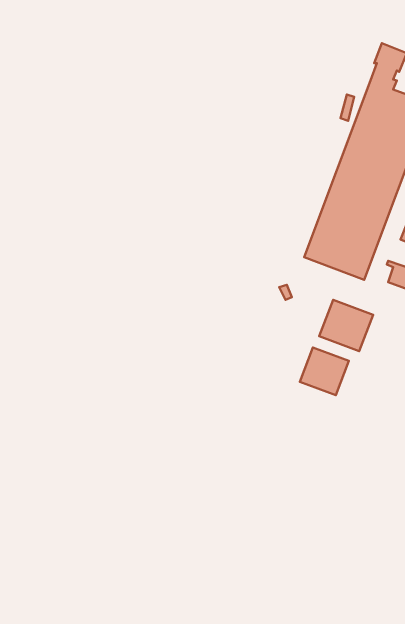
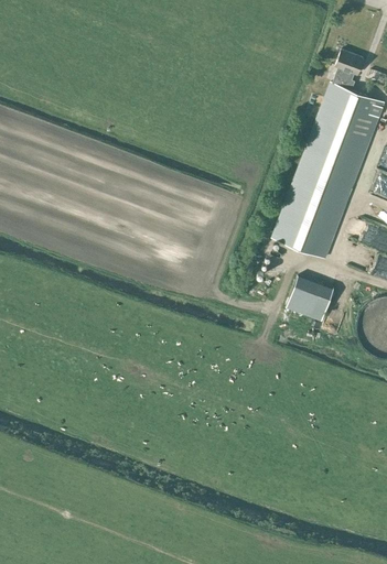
building: [300,347,349,395] -> none

